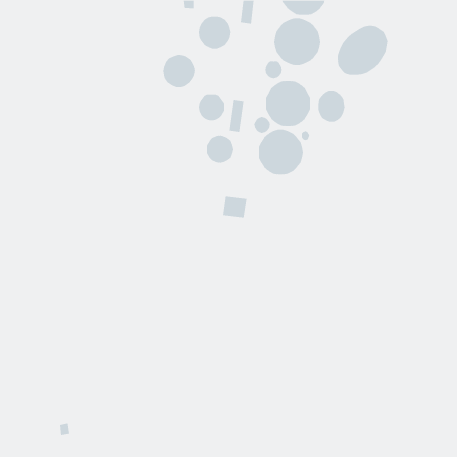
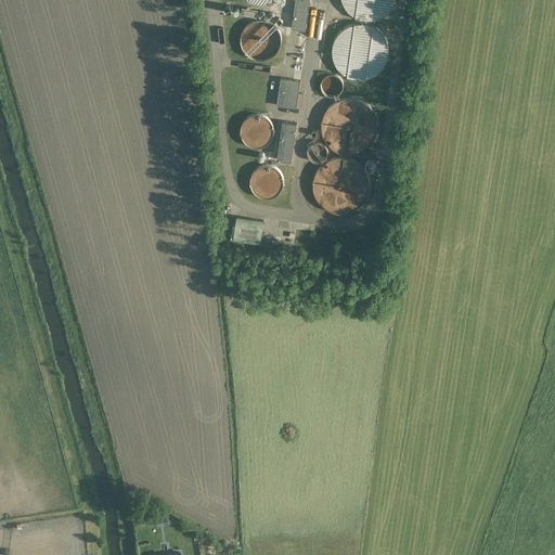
building: [338,25,388,76] -> none
building: [163,54,195,88] -> none
building: none -> [275,78,299,108]
building: [318,90,345,122] -> none
building: [222,196,247,218] -> [232,217,262,244]

